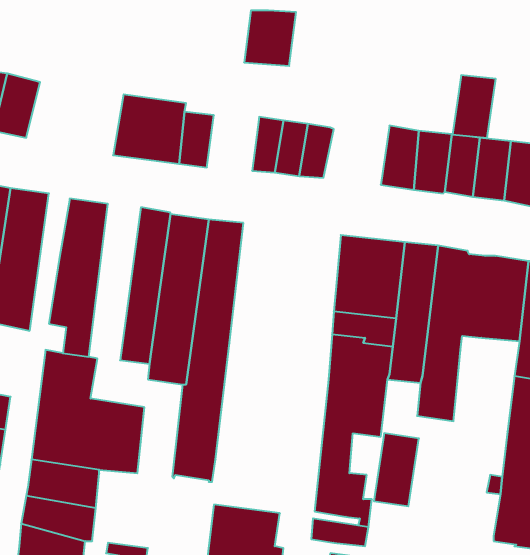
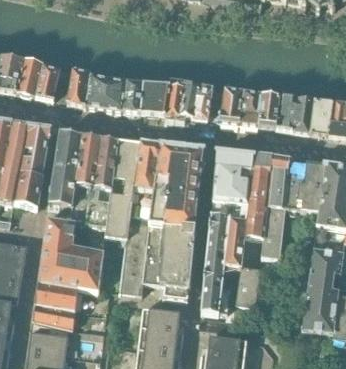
building: [244,10,296,66] -> [139,82,169,114]
building: [452,75,496,138] -> [219,86,244,122]
building: none -> [35,63,60,99]
building: none -> [67,68,91,105]
building: none -> [71,132,101,223]
building: none -> [144,144,204,298]

